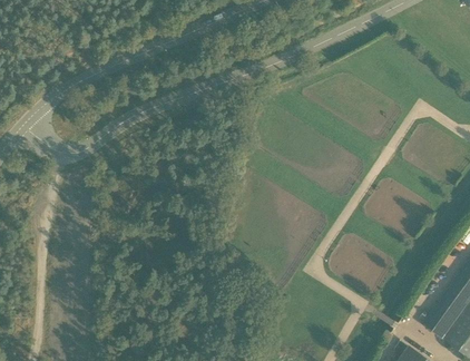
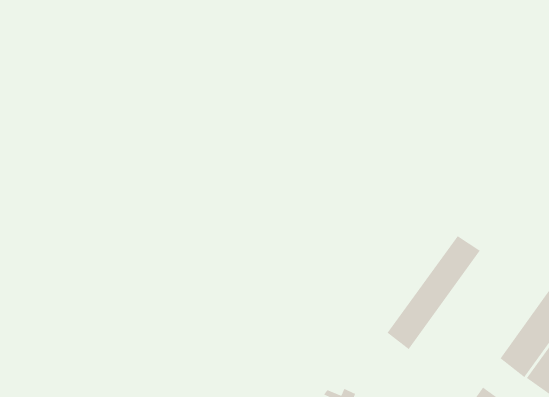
building: none -> [387,235,481,350]

